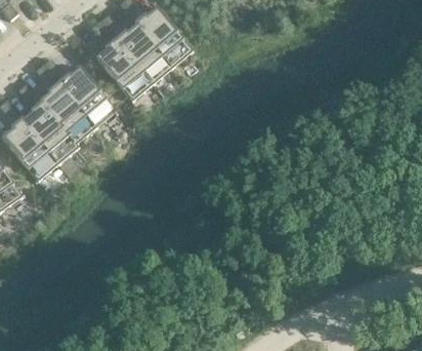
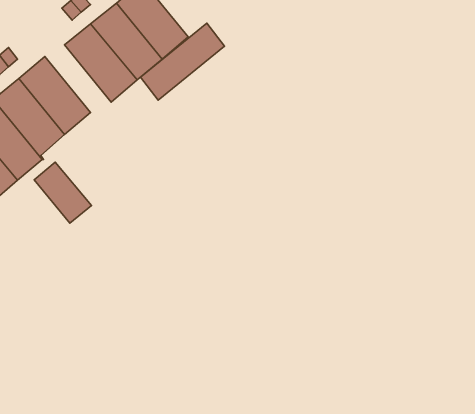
building: none -> [141,23,224,100]
building: none -> [34,162,92,223]

